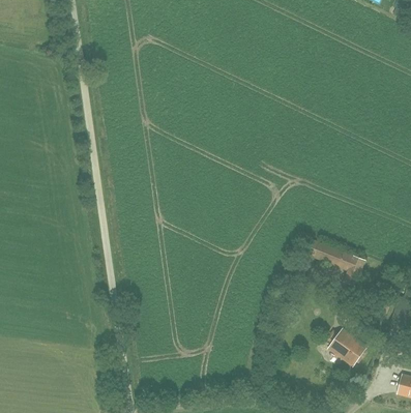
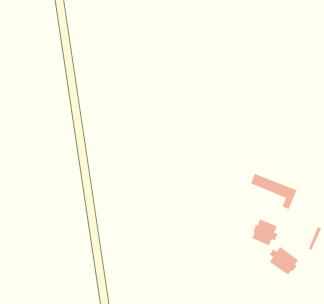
building: none -> [251,218,278,246]

